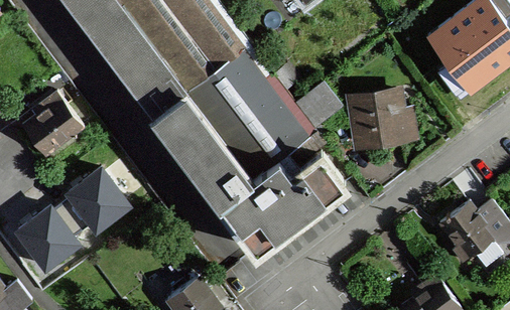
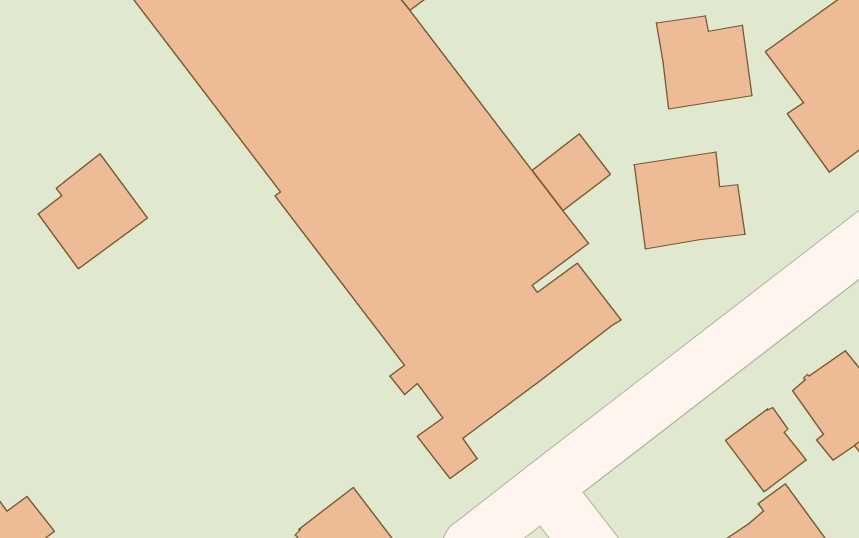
building: none -> [656,16,752,109]
building: [61,167,129,237] -> none
building: [12,203,81,272] -> none
building: none -> [726,408,806,492]

